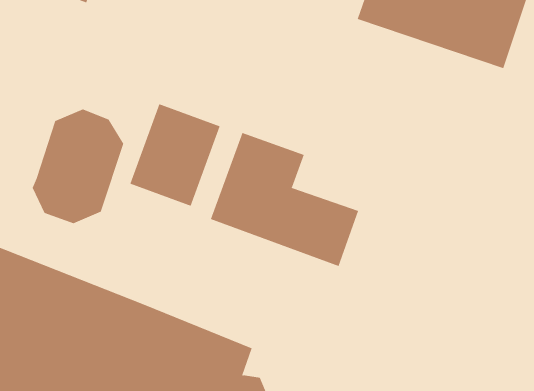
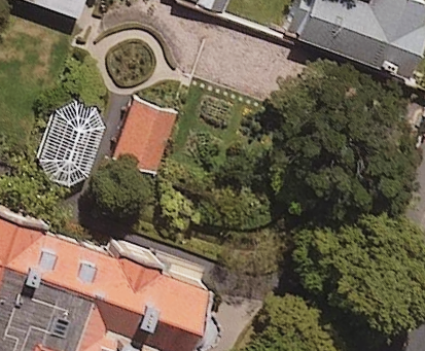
building: [210,132,359,267] -> none

